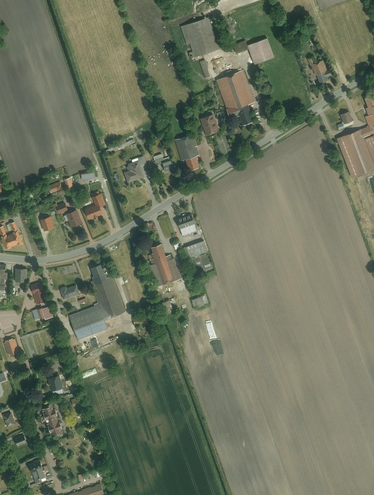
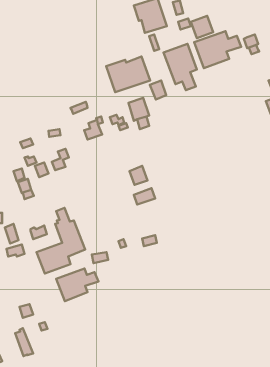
building: none -> [194,31,241,68]
building: none -> [106,57,150,92]
building: [148,243,181,288] -> none
building: none -> [56,268,99,301]

